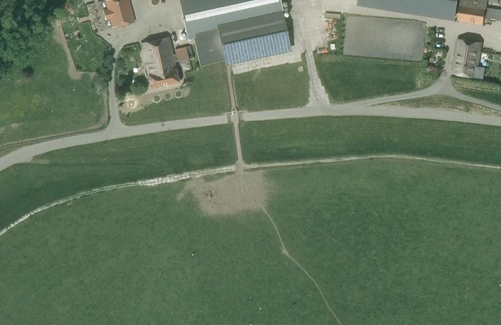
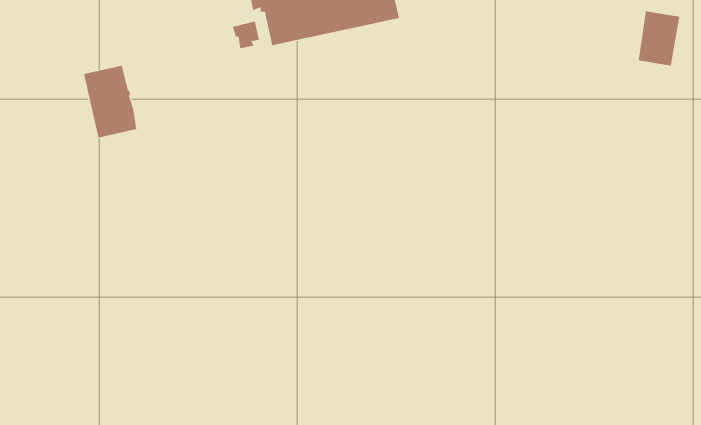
building: [142,37,179,87] -> [83,65,137,138]

